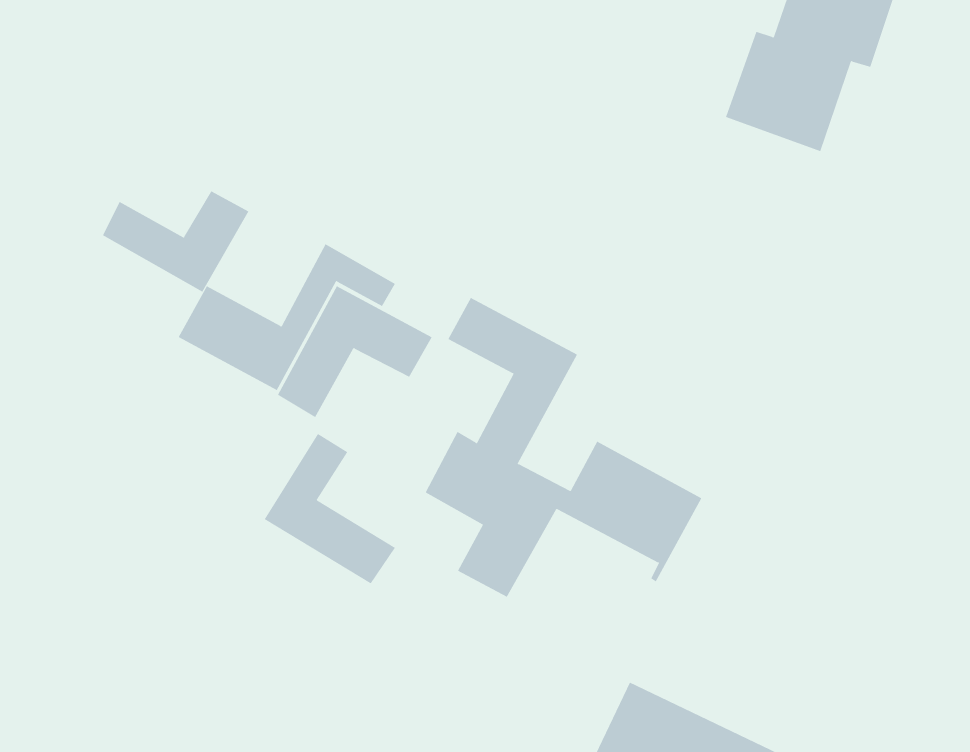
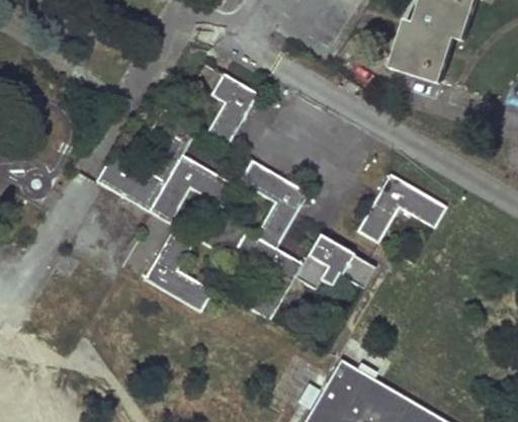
building: none -> [206,74,259,150]
building: [102,191,249,293] -> none
building: none -> [361,176,448,244]

